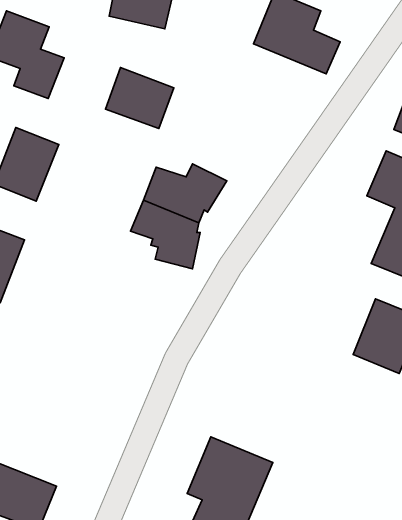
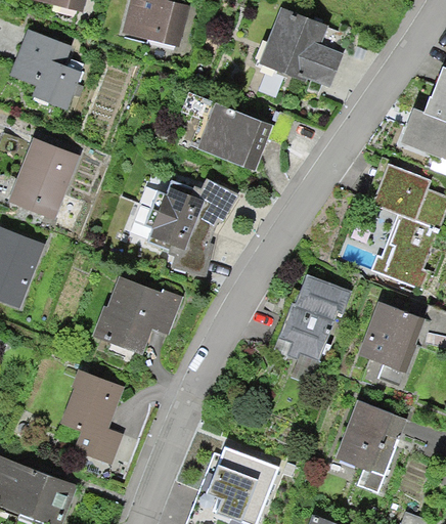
building: [105,68,174,129] -> [203,104,268,163]
building: none -> [273,276,348,367]
building: none -> [101,280,180,352]
building: none -> [65,375,124,464]
building: none -> [332,403,400,482]

